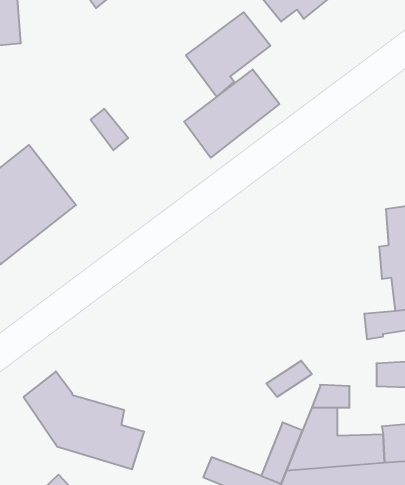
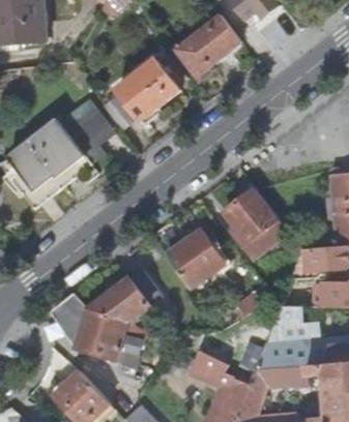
building: [184,69,279,158] -> [118,51,192,119]
building: none -> [63,98,117,153]
building: none -> [223,177,277,246]
building: none -> [166,228,225,287]
building: none -> [86,270,161,324]

